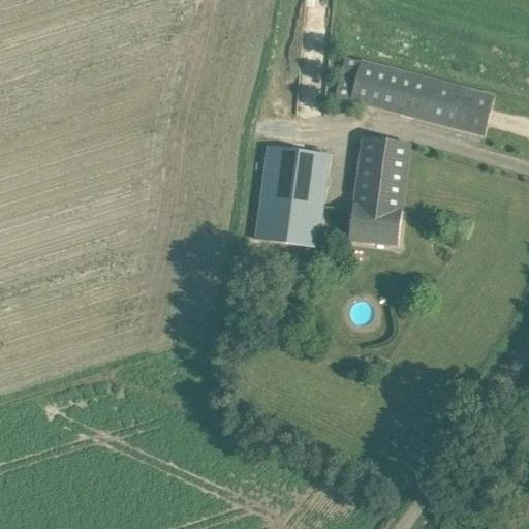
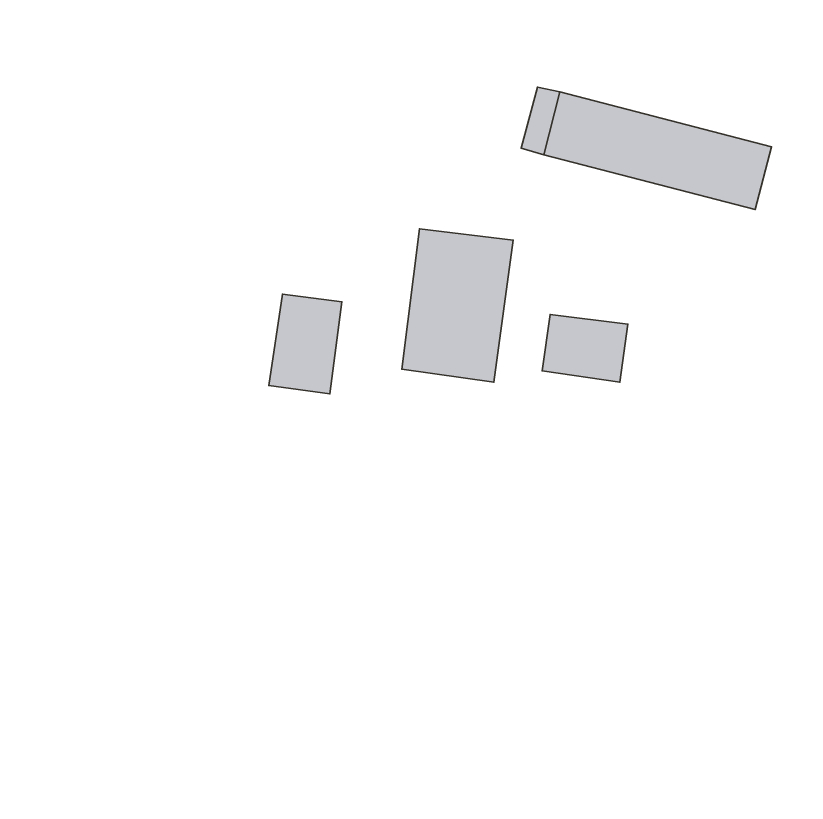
building: [352,136,410,208] -> none
building: none -> [269,294,342,394]

